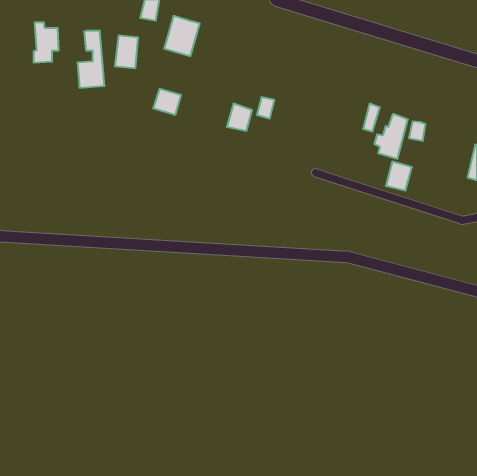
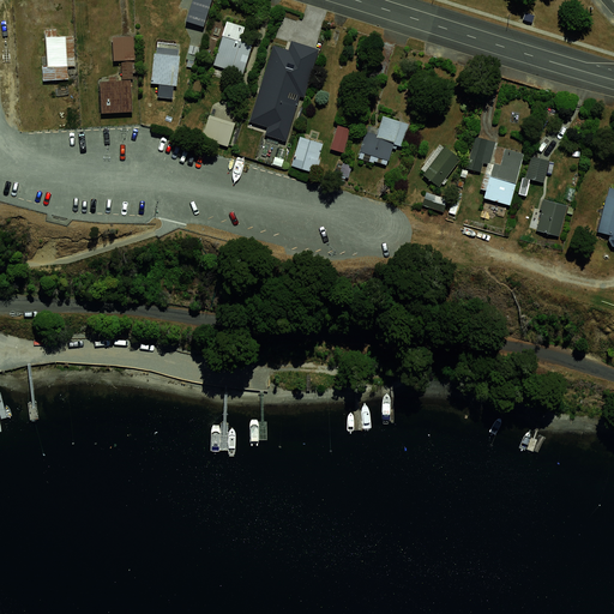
building: none -> [248,41,311,142]
building: none -> [361,114,410,162]
building: none -> [422,145,459,185]
building: [386,162,412,191] -> [536,198,570,235]

